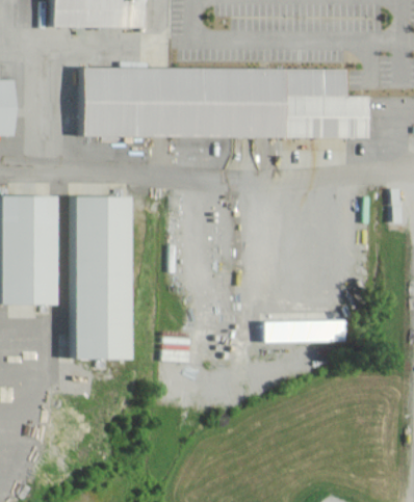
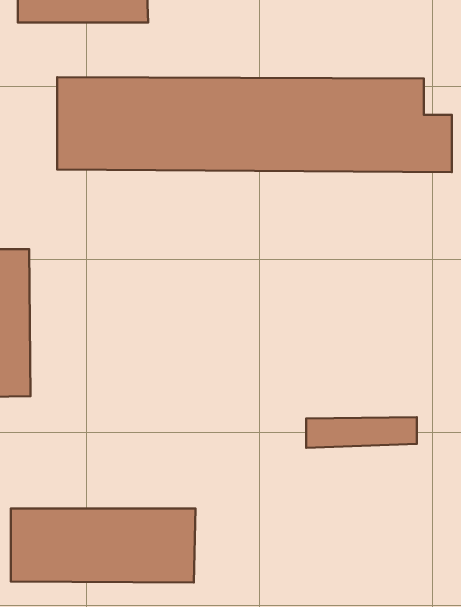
building: [69,196,133,360] -> none
building: none -> [11,509,196,583]

